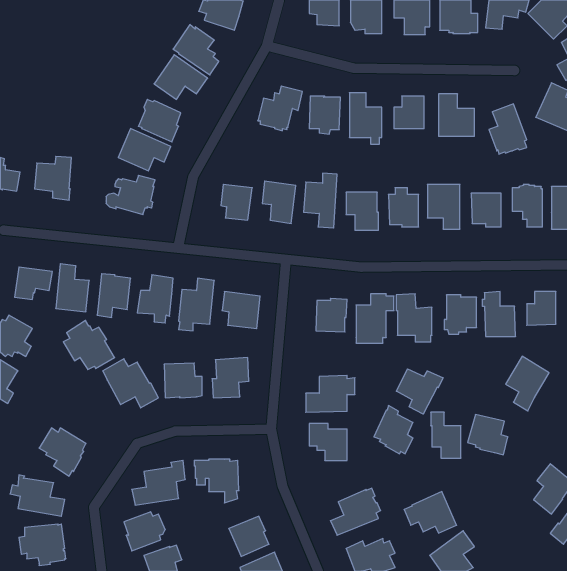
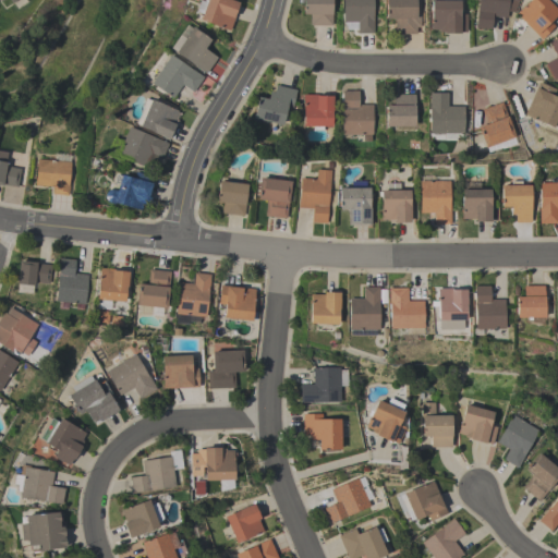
building: [63,320,115,370] -> [70,374,120,422]
building: [506,356,549,411] -> [498,414,541,468]
building: [396,369,443,414] -> none

